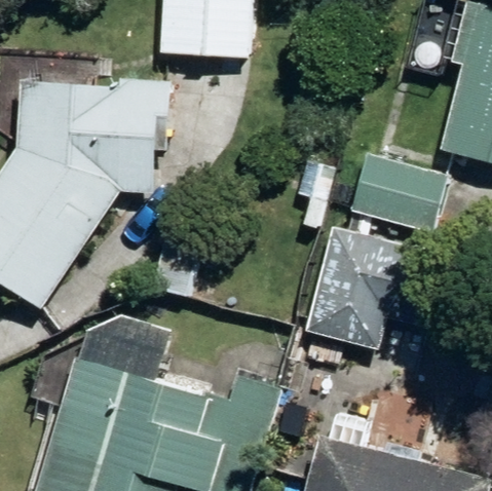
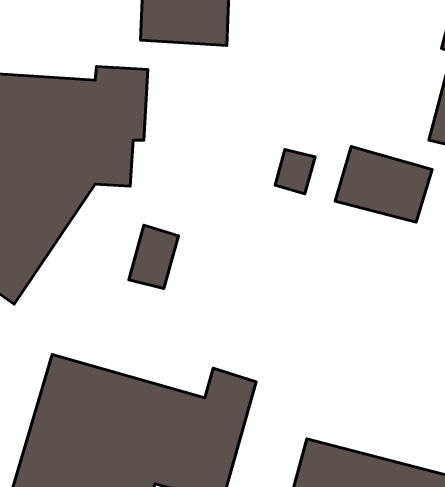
building: [304,229,437,347] -> none

